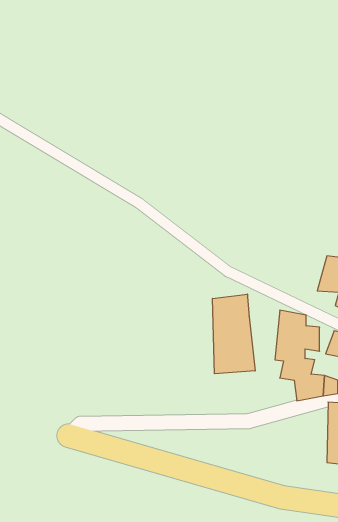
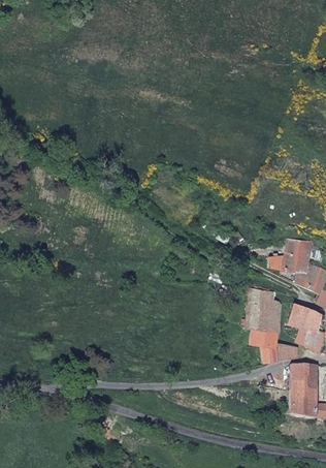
building: [213,294,255,374] -> none

